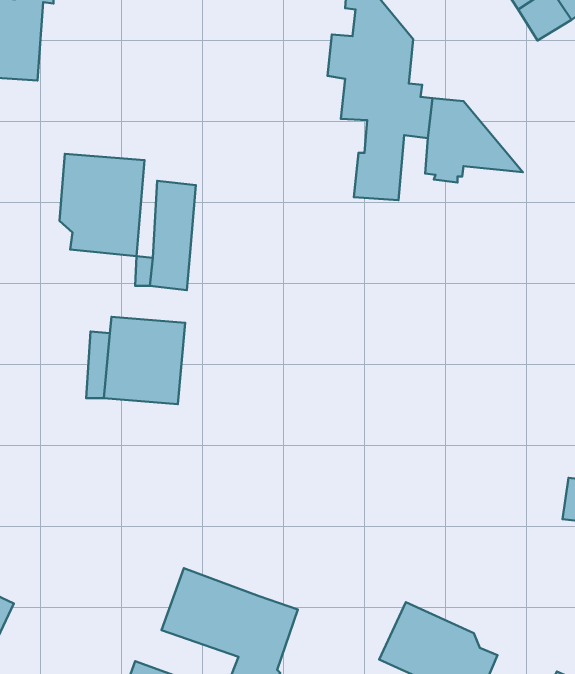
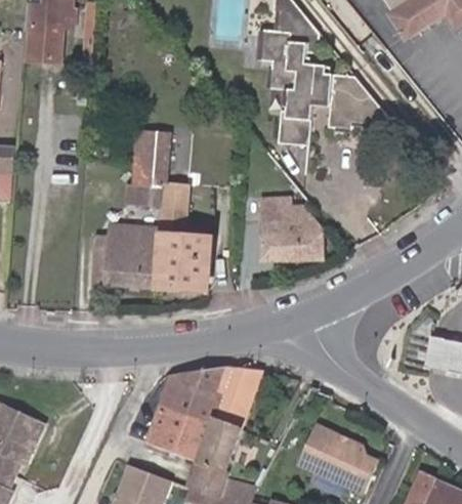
building: [60,154,145,256] -> none
building: none -> [157,184,212,290]
building: none -> [261,199,323,262]
building: none -> [161,367,261,429]

